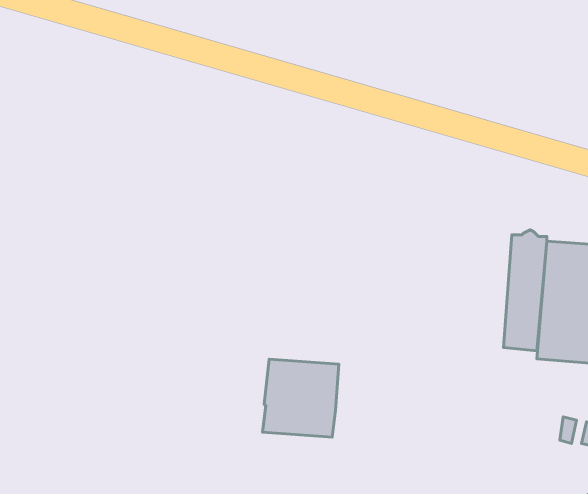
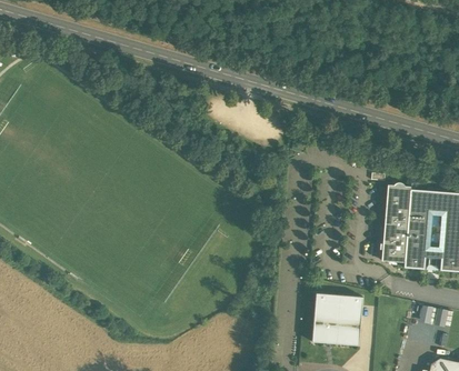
building: [263,359,339,437] -> [311,292,362,344]

